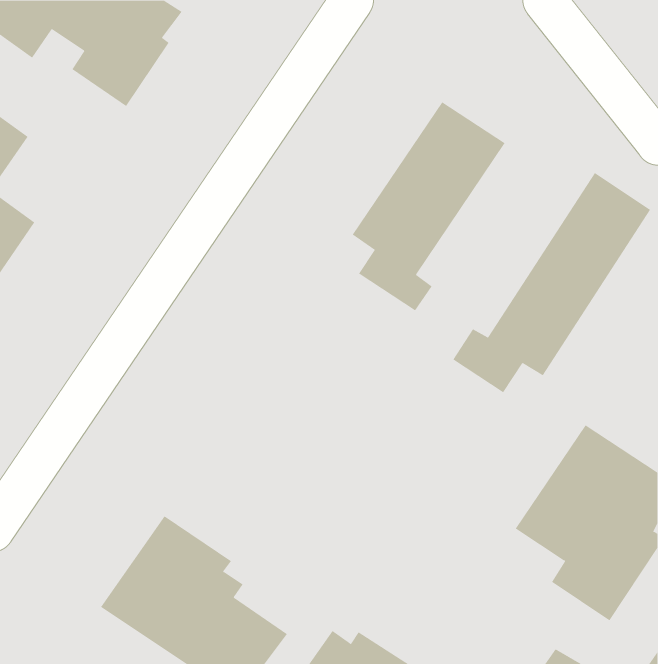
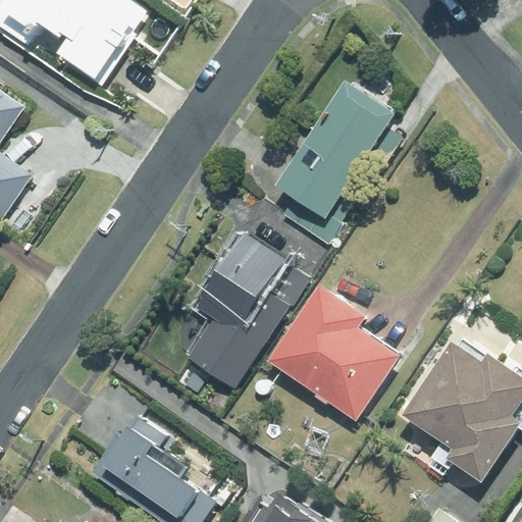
building: [453,172,651,393] -> none
building: none -> [187,230,288,388]
building: none -> [267,284,400,421]

